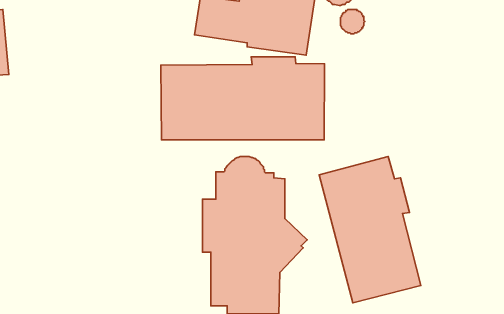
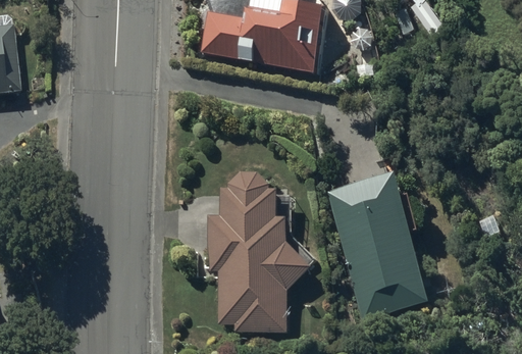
building: [161,57,324,140] -> none

